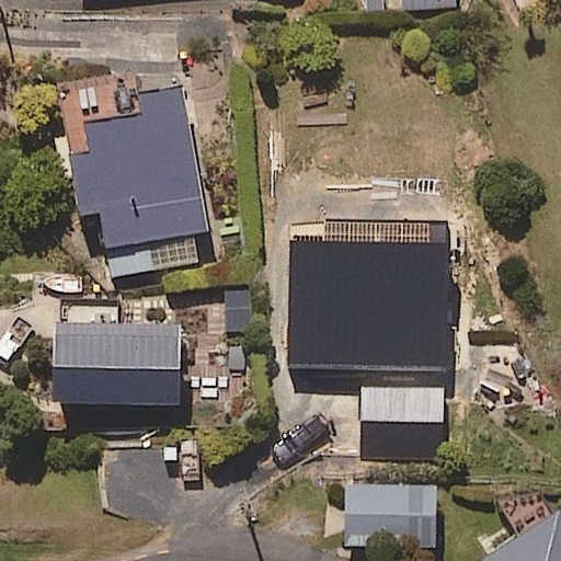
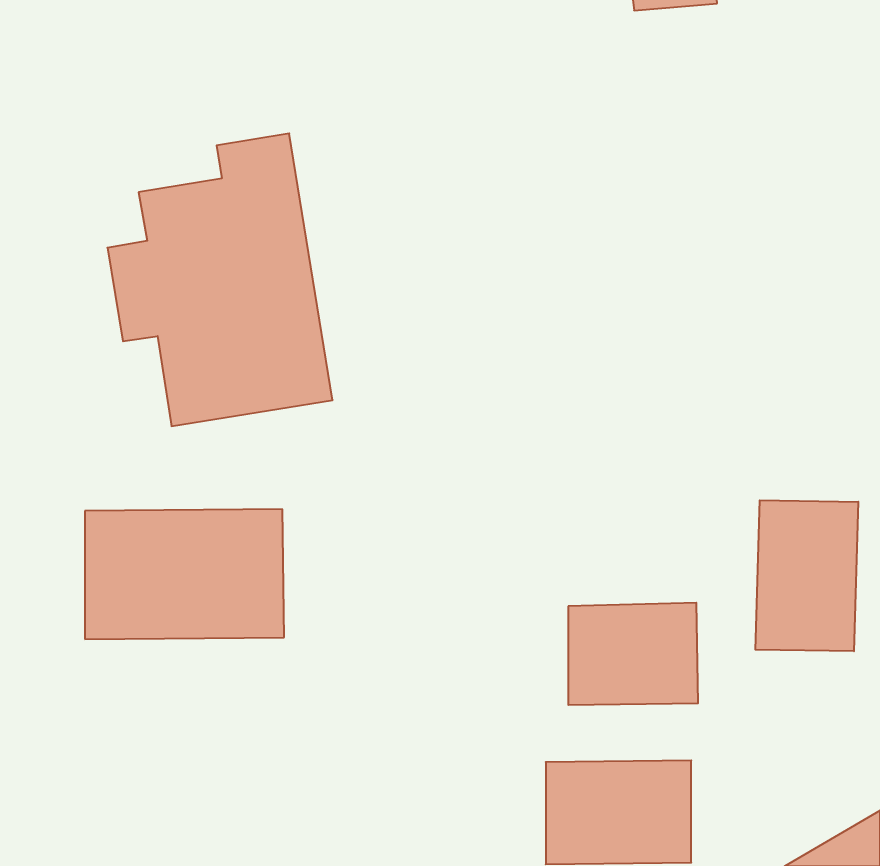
building: [284,250,449,368] -> none
building: none -> [755,500,858,651]

